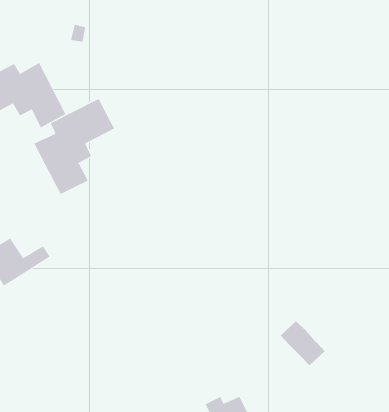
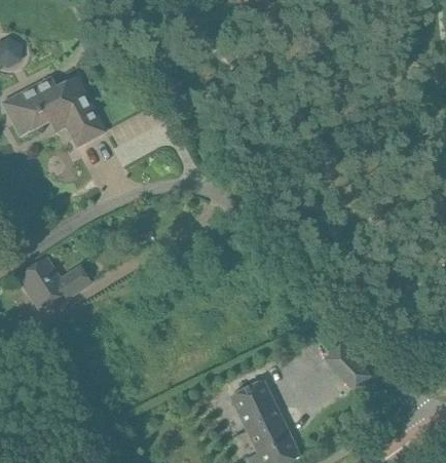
building: [34,98,115,195] -> none
building: none -> [230,381,283,430]

